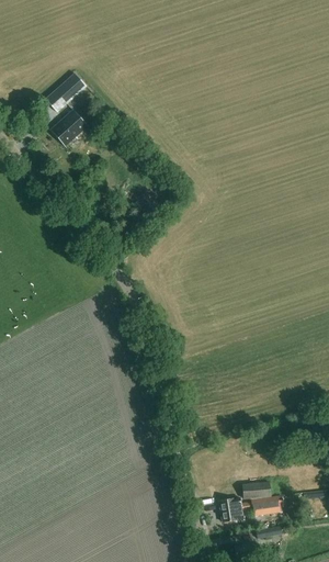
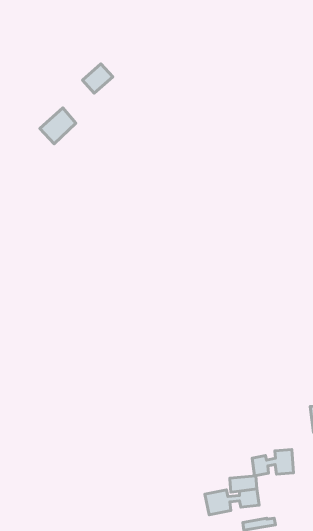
building: [55,74,86,103] -> [82,64,113,93]
building: none -> [252,450,293,476]

